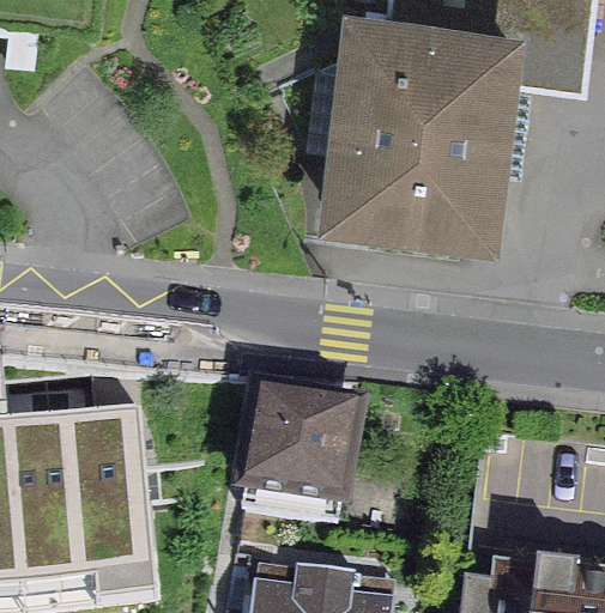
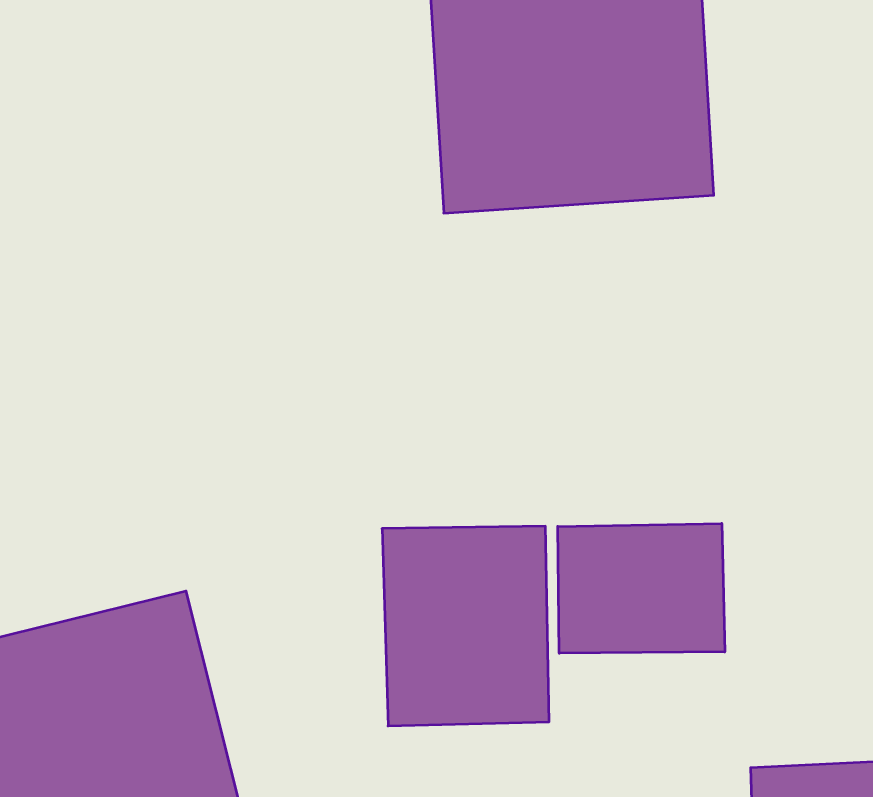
building: none -> [558,523,725,653]

